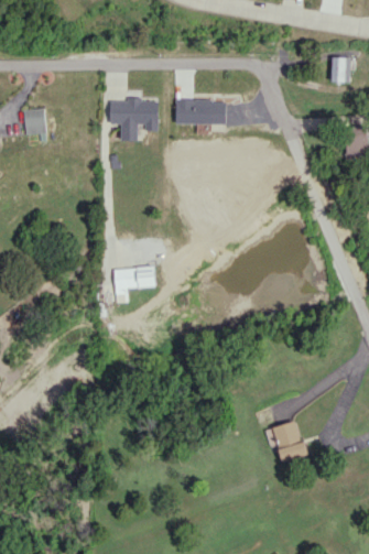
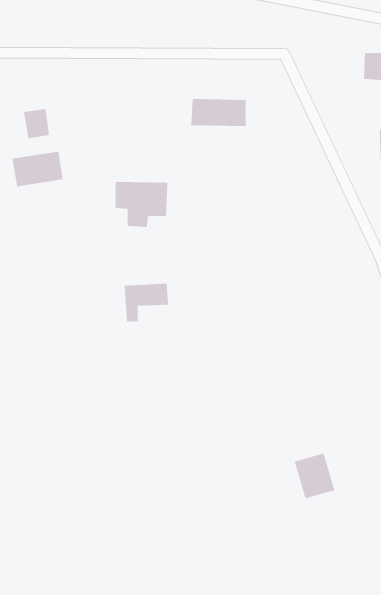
building: [110,99,159,141] -> [115,181,168,228]
building: none -> [12,151,63,187]

